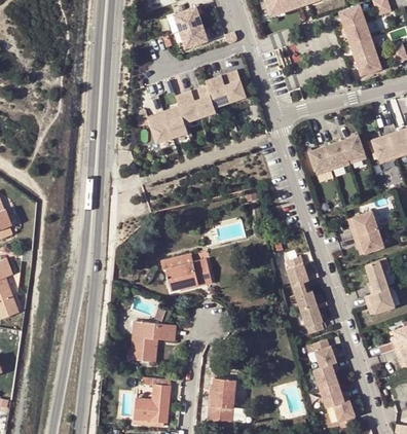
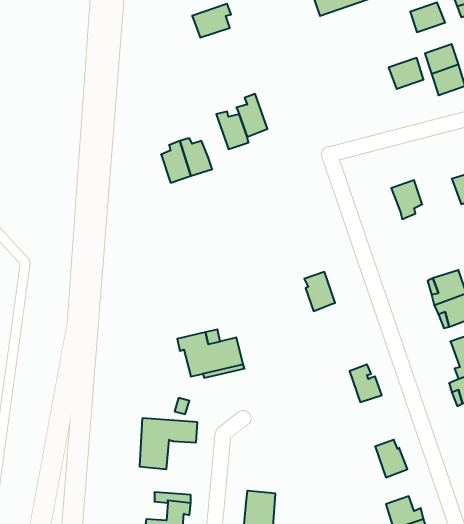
building: [343,20,370,43] -> [389,58,424,89]
building: [178,24,210,48] -> none
building: [220,72,245,101] -> none
building: [176,89,199,122] -> none
building: [341,134,364,164] -> none
building: [307,146,332,173] -> none
building: [285,256,308,286] -> [304,272,335,311]
building: [300,304,323,333] -> none
building: [312,361,338,388] -> none

